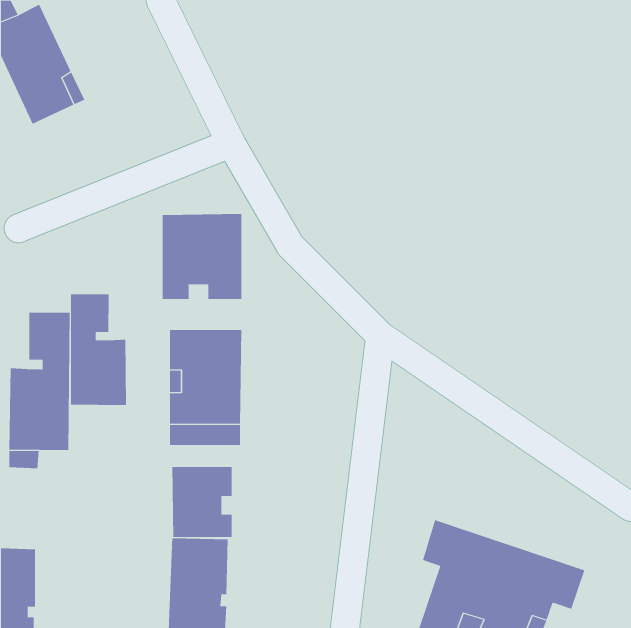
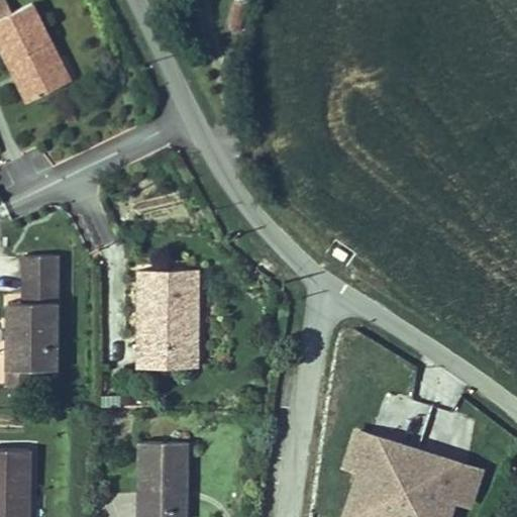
building: [162,213,242,300] -> none
building: [70,294,126,406] -> none
building: [172,466,232,538] -> none

